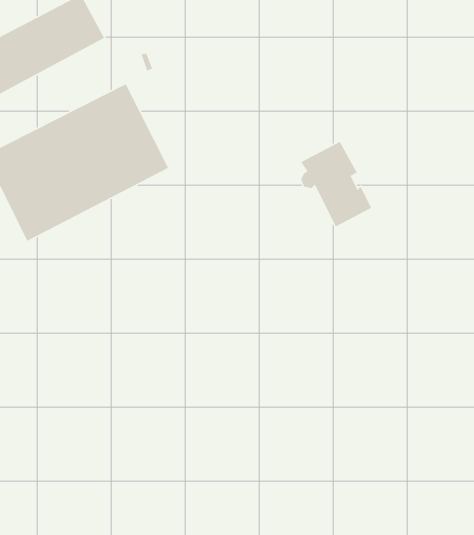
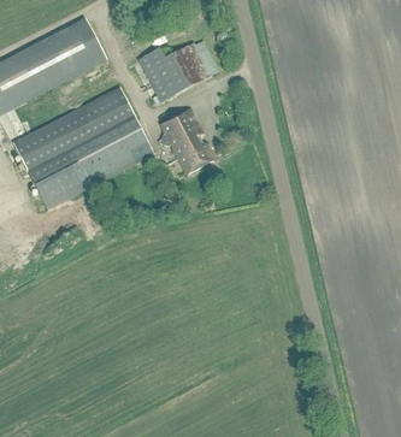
building: none -> [138,37,220,101]
building: [300,141,372,227] -> [160,107,214,172]

